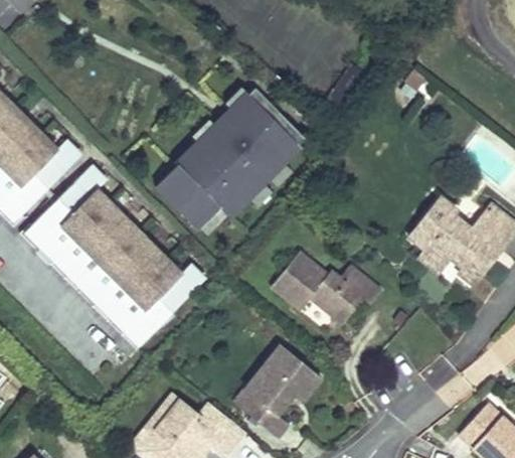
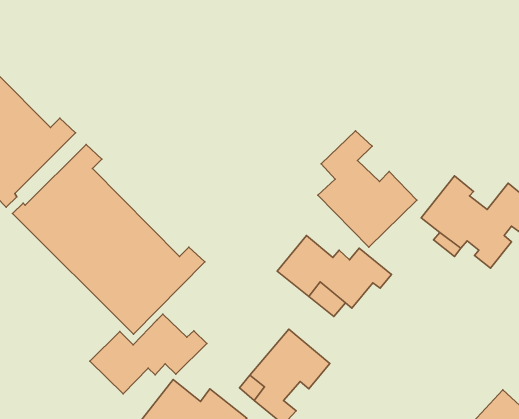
building: [155,86,307,234] -> none
building: none -> [318,131,417,247]
building: none -> [90,314,207,394]

